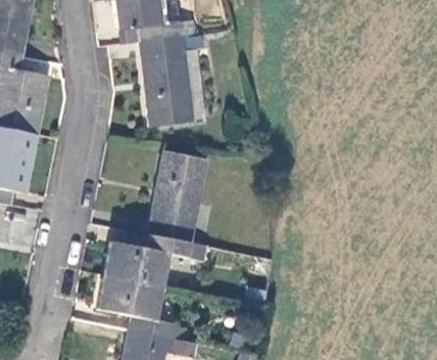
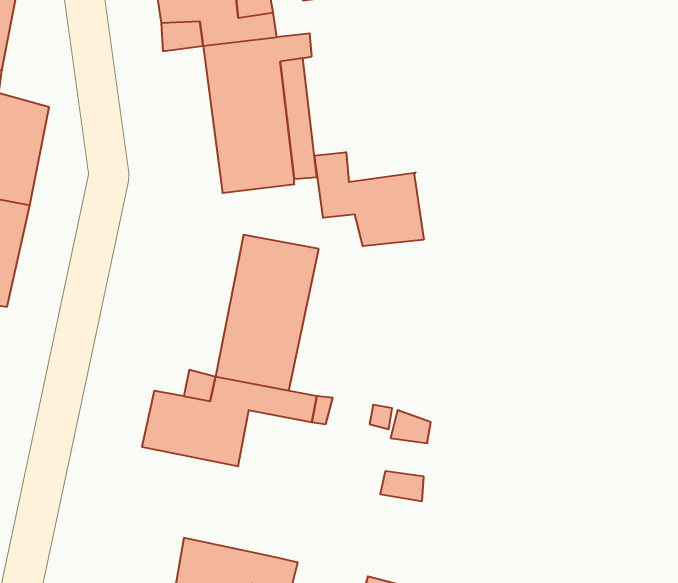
building: none -> [314,152,424,246]
building: [98,275,185,340] -> none

